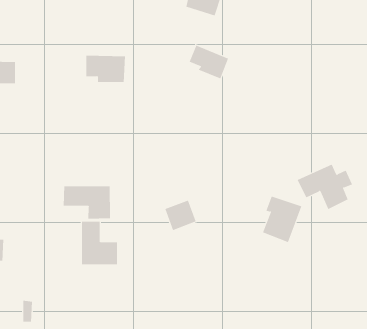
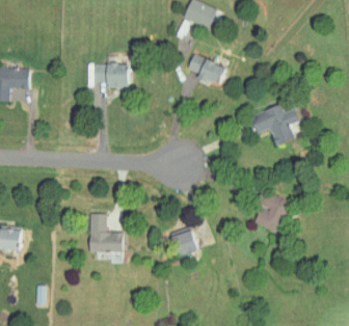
building: [297,164,353,210] -> [248,103,299,144]
building: [63,186,110,220] -> none
building: [165,200,197,231] -> [170,228,199,256]

